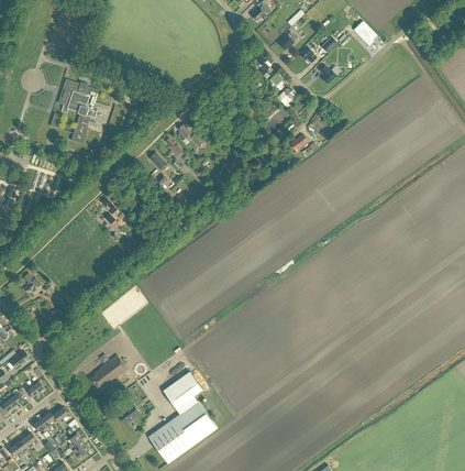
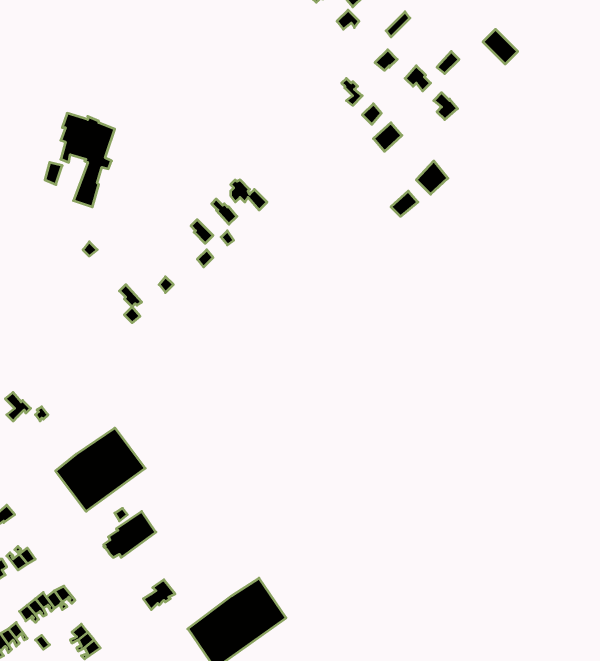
building: none -> [56,428,145,511]
building: [162,371,202,408] -> none

